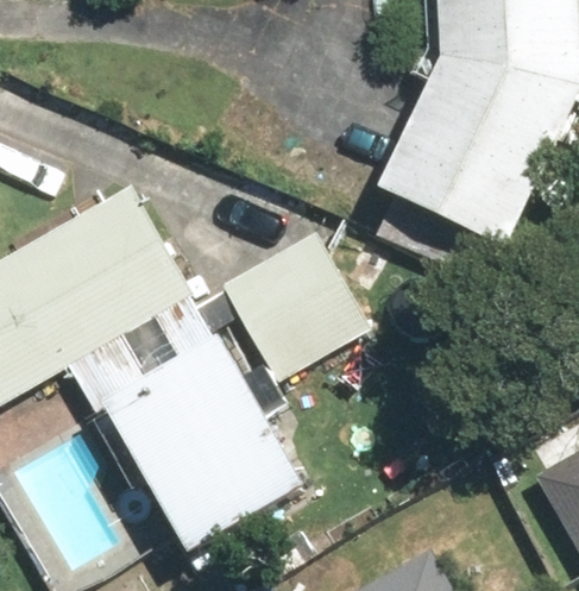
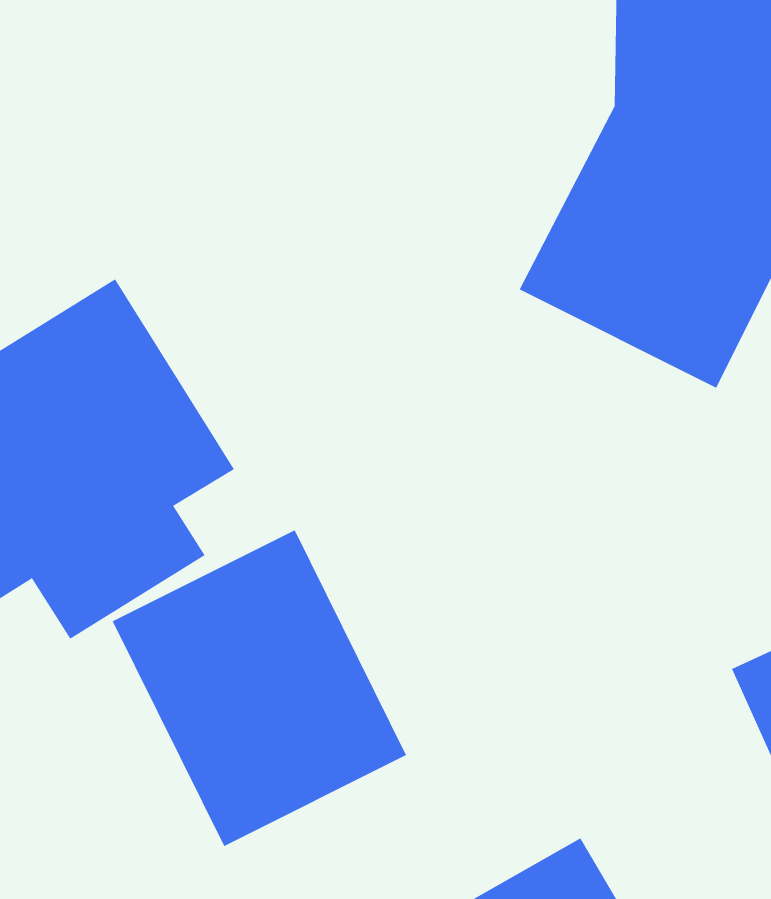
building: [227,231,371,379] -> none

